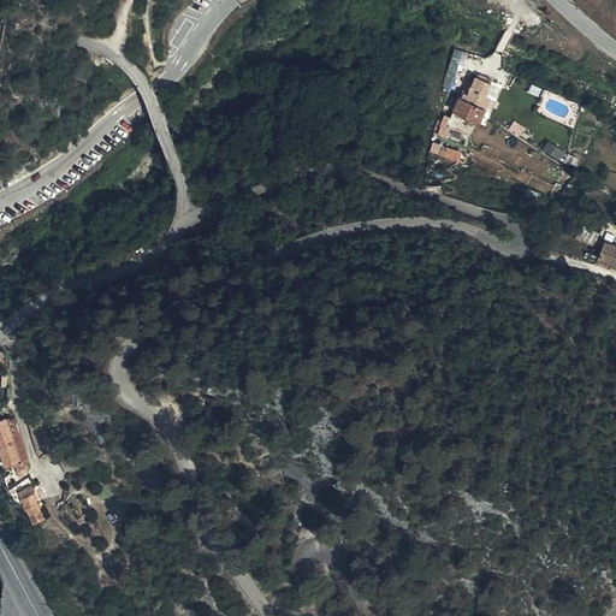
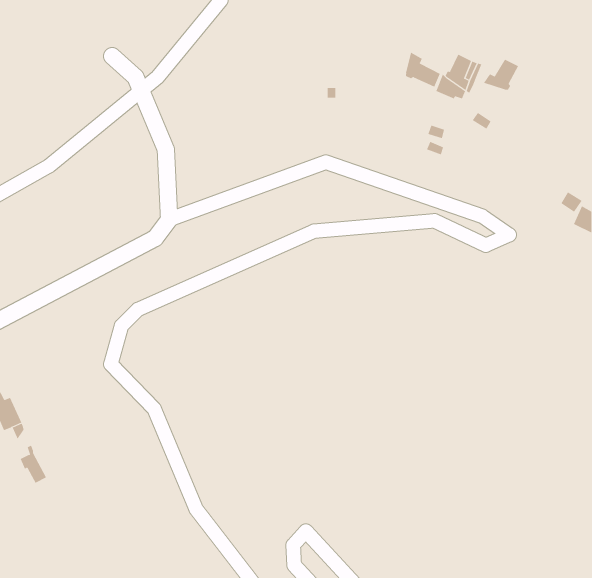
building: none -> [405,52,441,88]
building: none -> [483,59,519,91]

